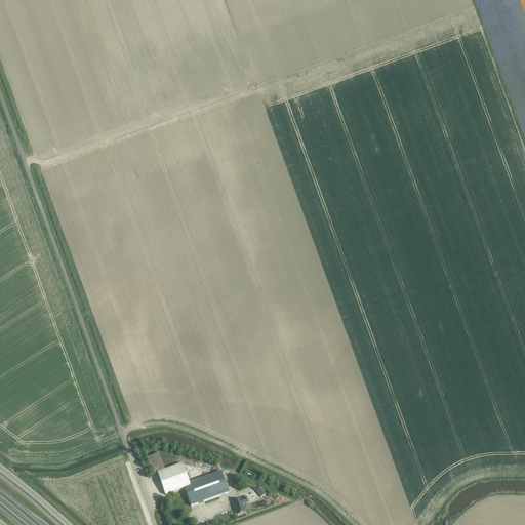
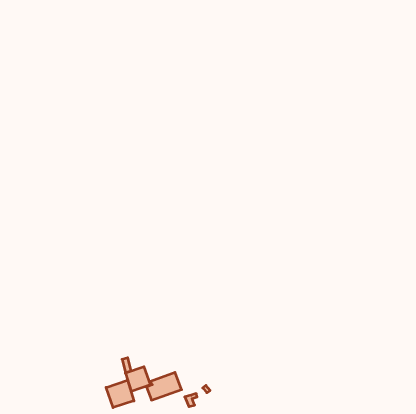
building: none -> [106,380,134,408]

